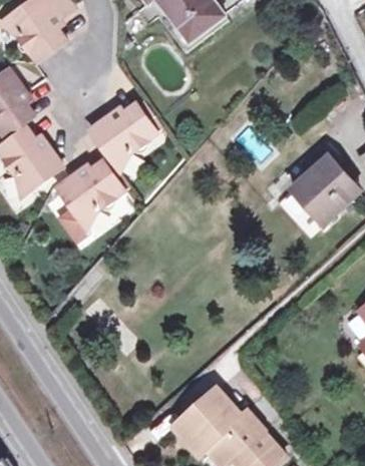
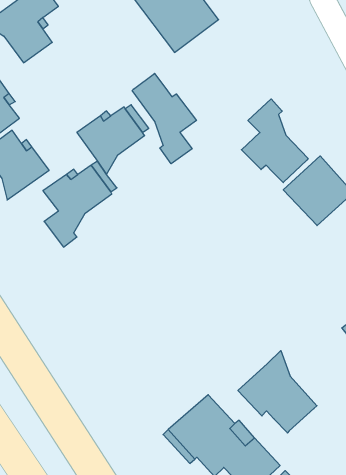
building: none -> [132,73,196,164]
building: none -> [241,99,308,183]
building: none -> [238,351,317,433]

